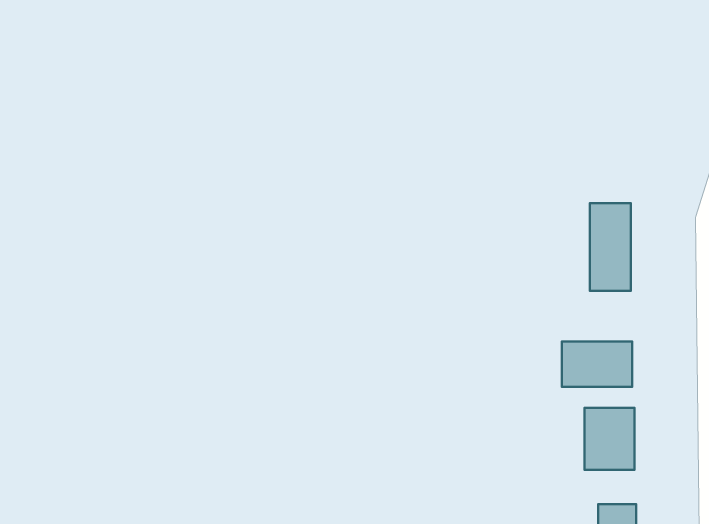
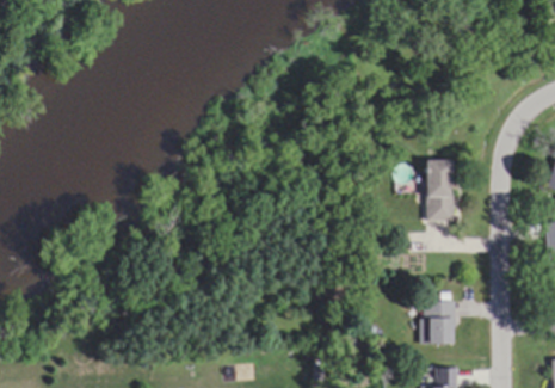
building: [562,342,632,387] -> none

